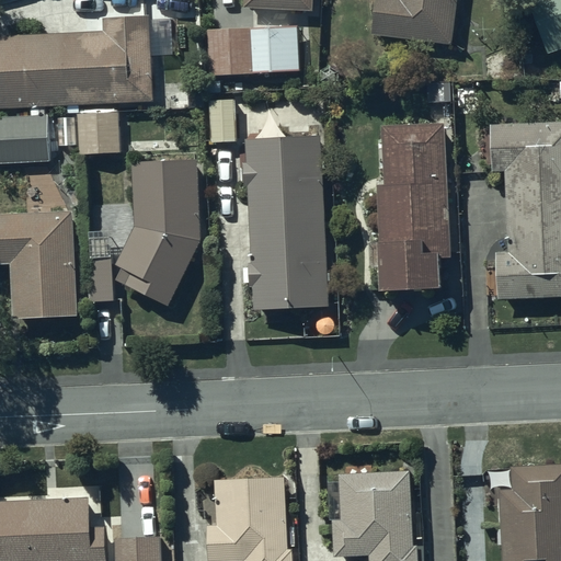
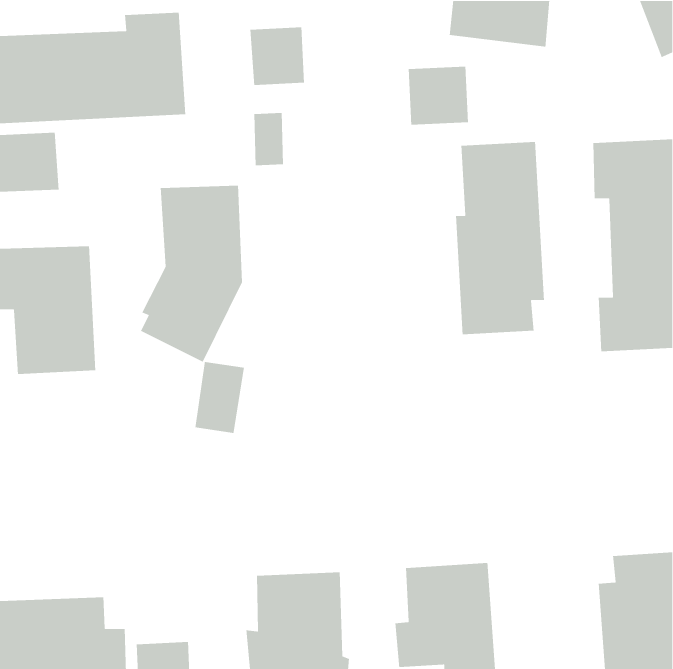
building: [251,24,301,73] -> [408,66,469,125]
building: [78,110,119,154] -> none
building: [243,135,330,308] -> none
building: none -> [195,361,245,434]

